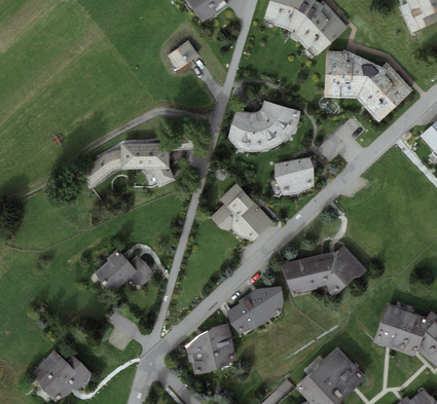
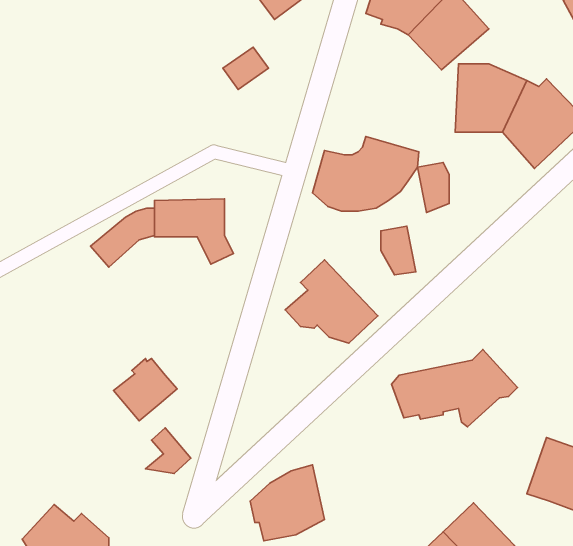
building: [292,158,314,192] -> [417,162,449,213]
building: [124,254,155,285] -> [145,428,191,473]
building: [227,286,284,333] -> none

